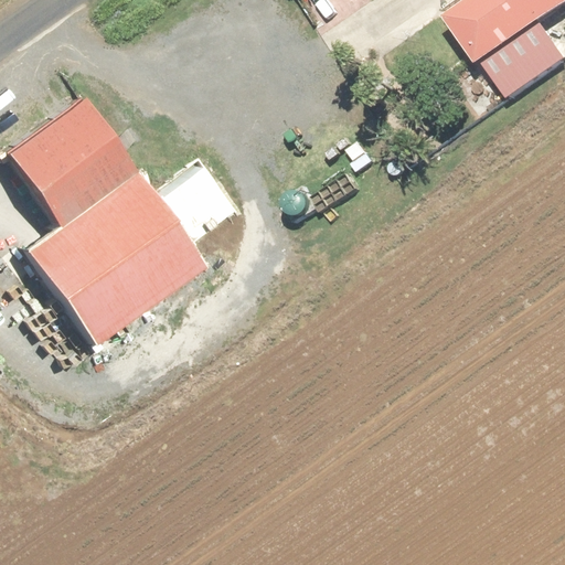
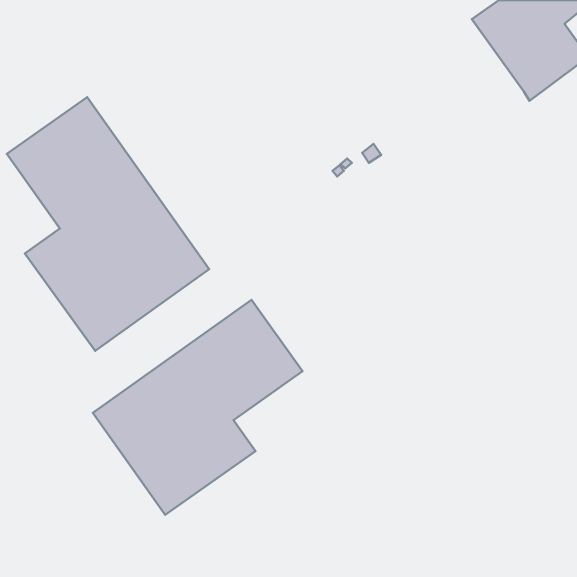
building: none -> [93,300,302,515]

